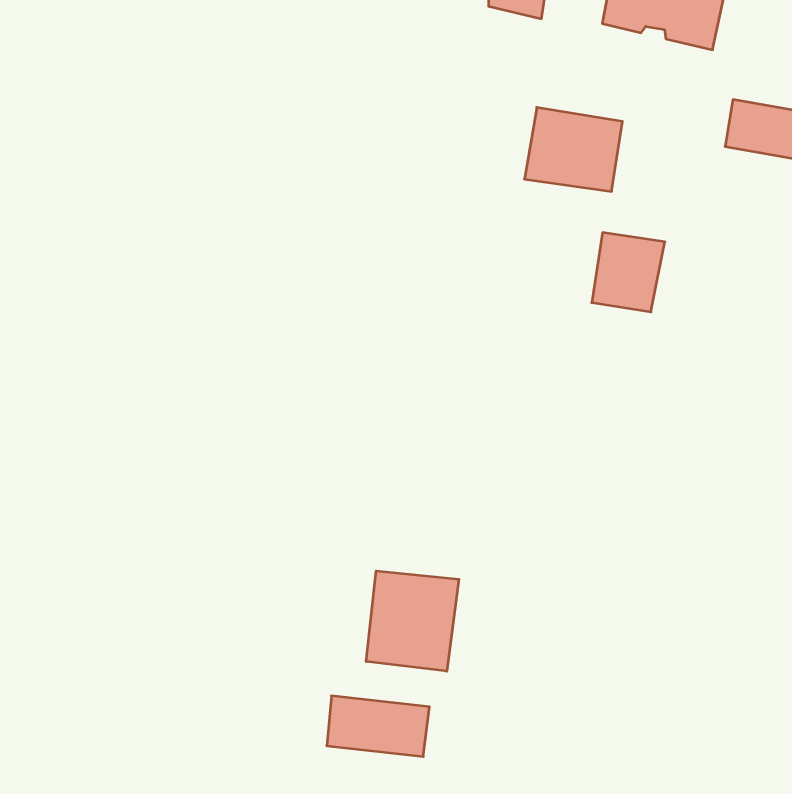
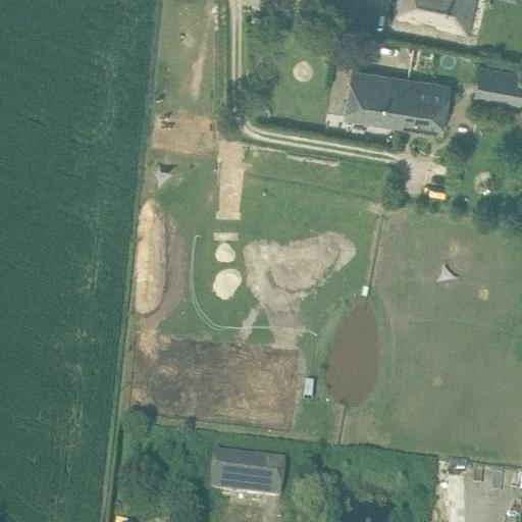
building: [592,233,665,312] -> [403,80,451,132]
building: [366,571,459,671] -> none

